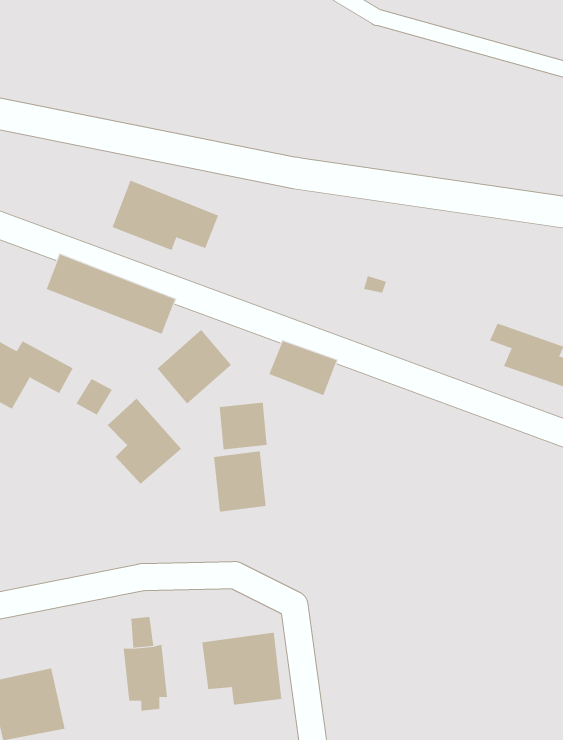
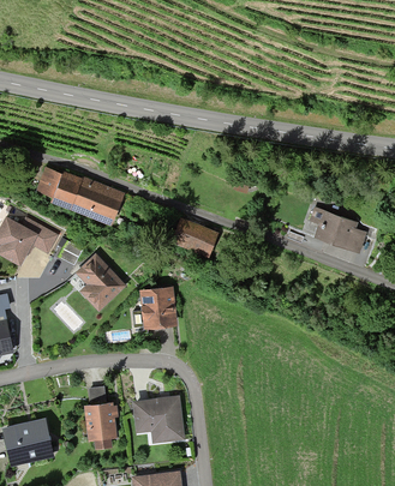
building: [112,180,219,251] -> none
building: [157,329,232,405] -> none
building: [219,402,267,450] -> none

